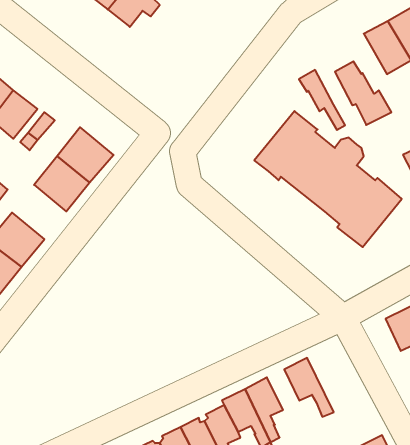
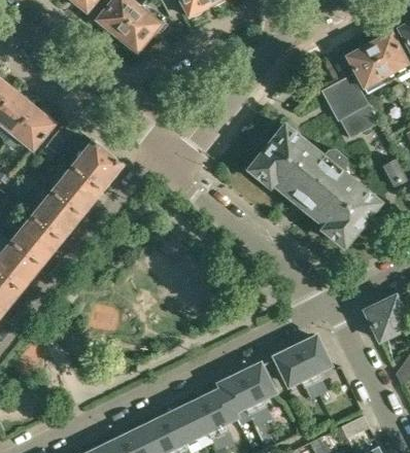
building: [299,70,345,130] -> [337,73,378,127]
building: none -> [32,191,80,240]
building: none -> [296,337,329,394]

